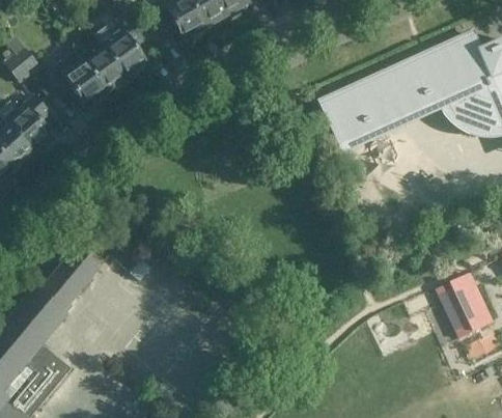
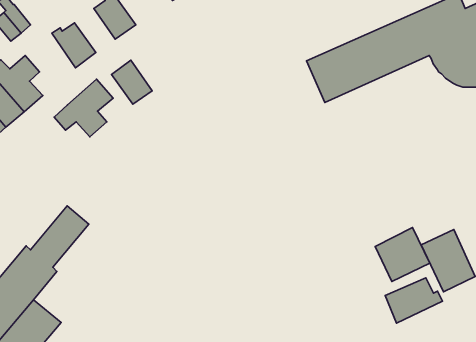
building: [85,49,127,93] -> [111,60,152,104]
building: none -> [54,79,113,137]
building: none -> [375,227,430,281]
building: none -> [385,278,443,323]

